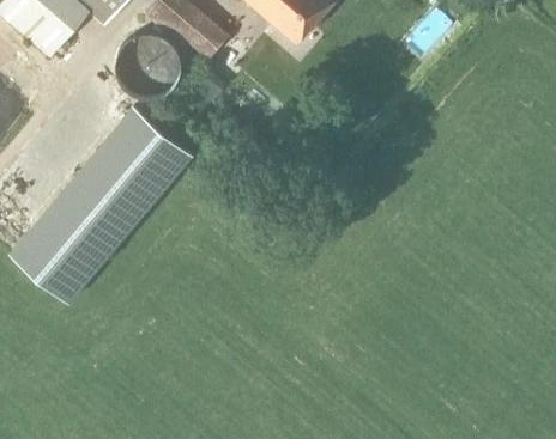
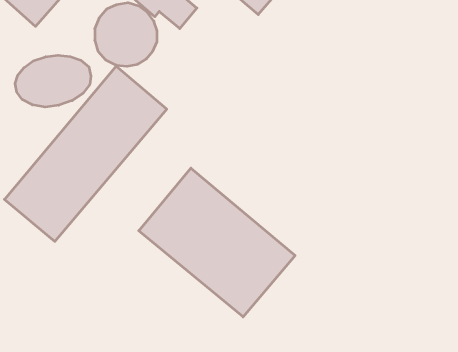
building: none -> [15,55,91,107]
building: none -> [139,168,295,317]

